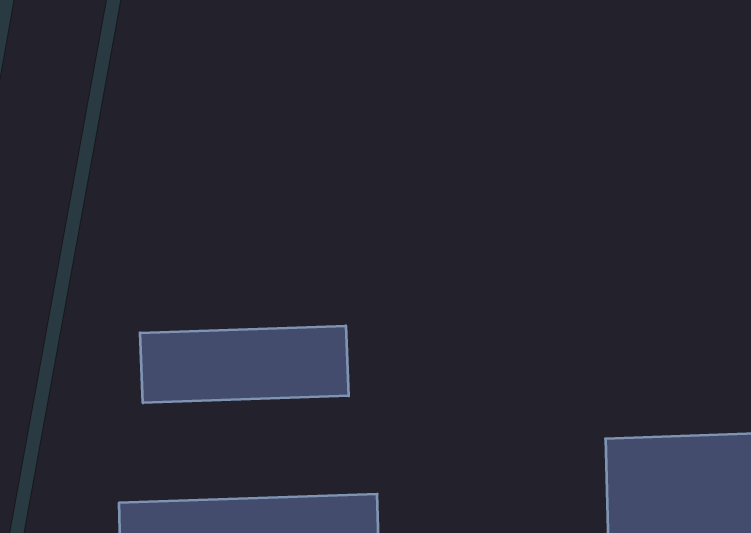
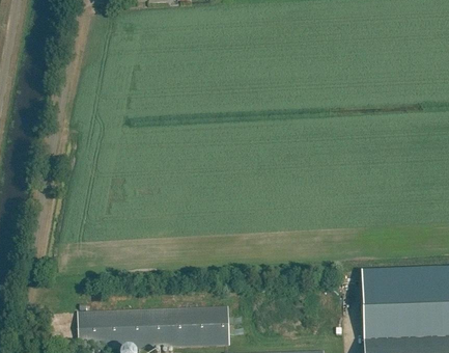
building: [140,326,349,403] -> none

